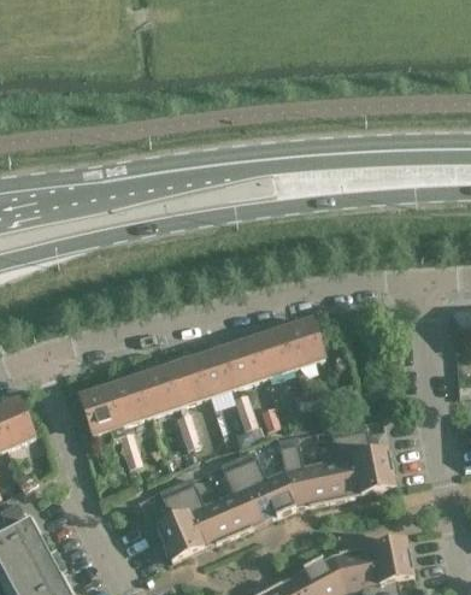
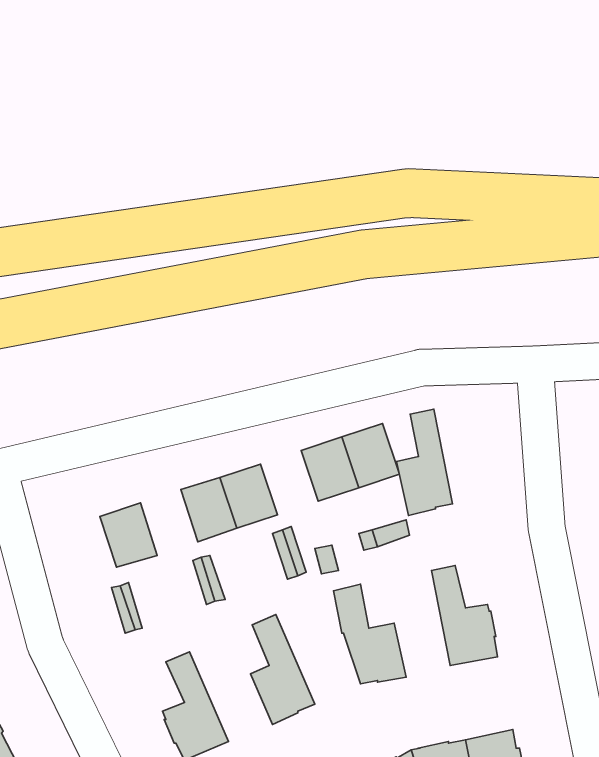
building: [225,338,266,384] -> none
building: [140,366,181,413] -> none
building: [82,385,123,432] -> none
building: [320,424,360,500] -> [397,409,452,516]
building: [236,448,296,519] -> none
building: [175,475,234,546] -> none

